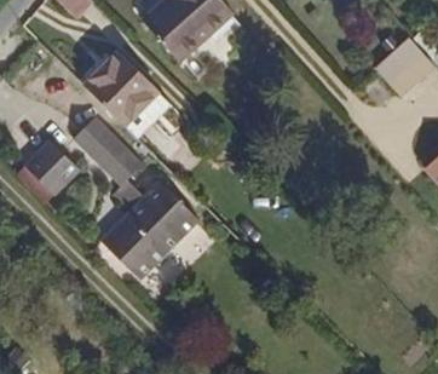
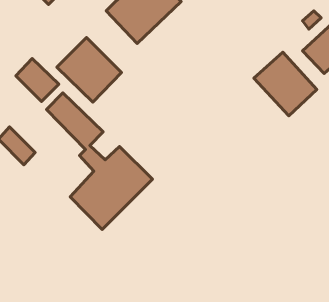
building: none -> [254,52,317,116]
building: [30,138,81,189] -> [16,58,59,102]

